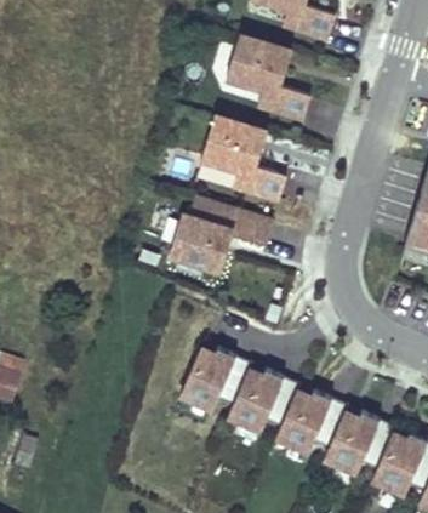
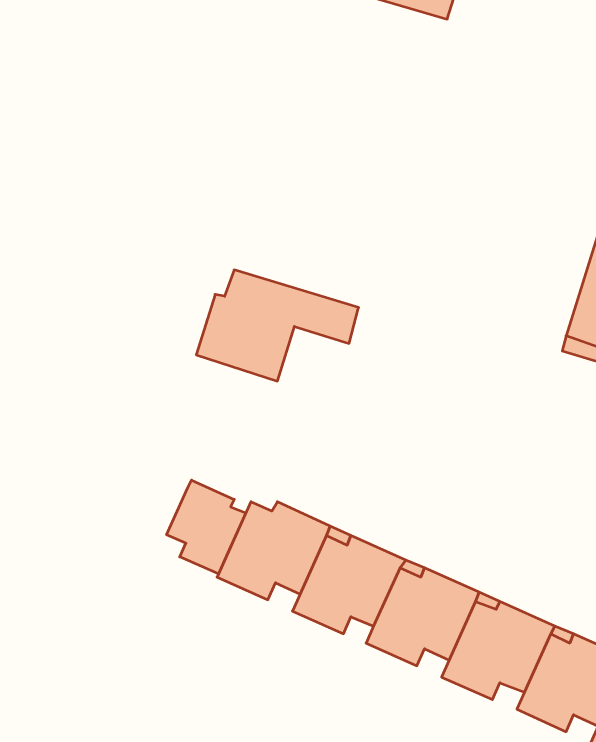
building: [227,36,310,119] -> none
building: [202,118,285,199] -> none
building: none -> [167,480,246,574]

